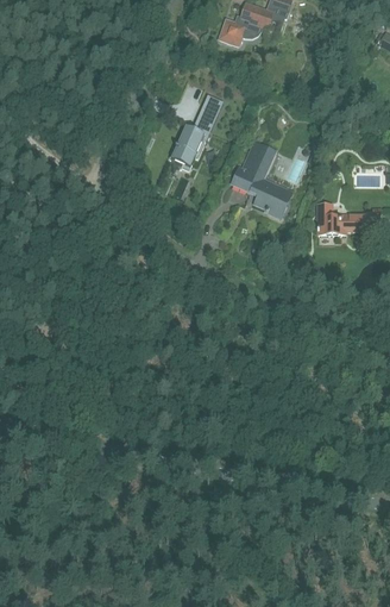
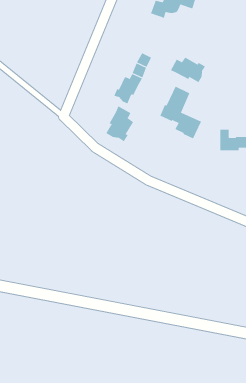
building: none -> [170,57,206,83]
building: none -> [106,105,134,142]

